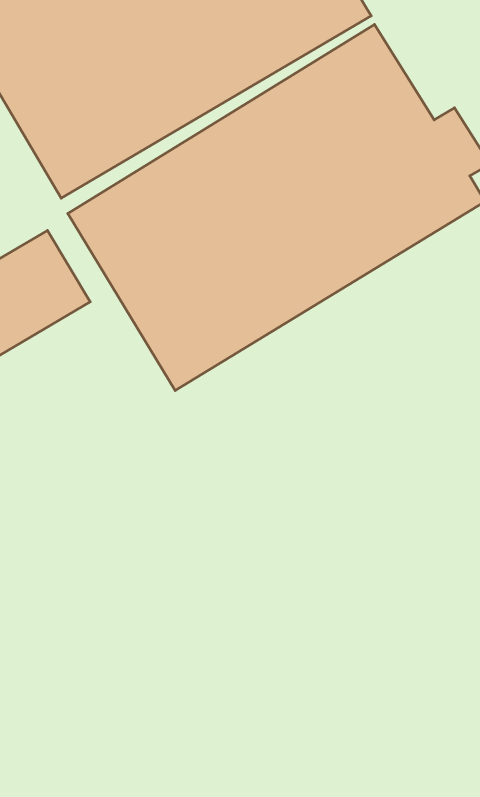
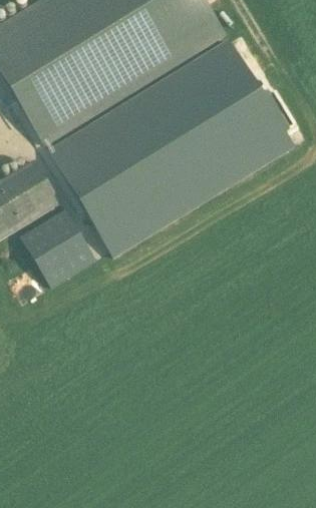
building: none -> [19,209,95,288]

